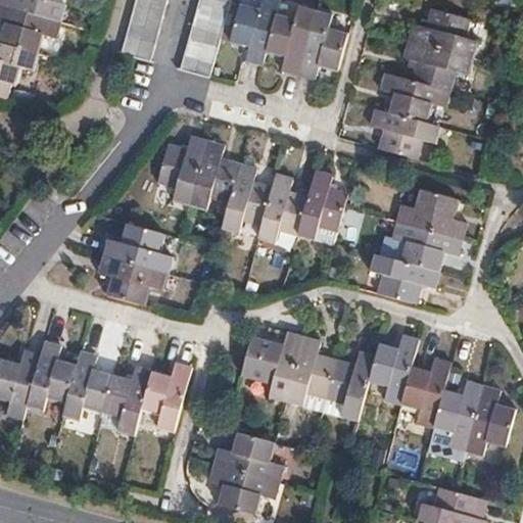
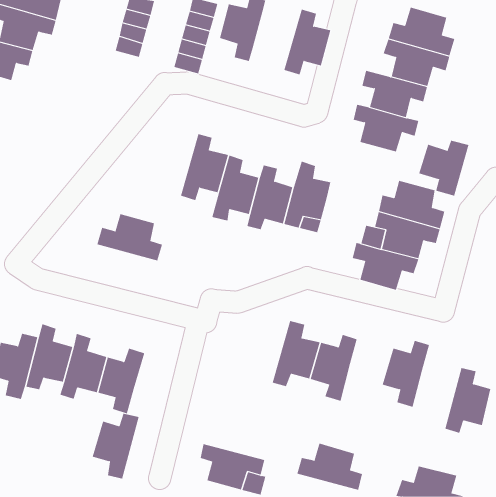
building: [266,5,316,74] -> none
building: [156,136,207,205] -> none
building: none -> [419,140,469,197]
building: [97,256,165,305] -> none
building: [252,331,303,401] -> none
building: [368,334,419,403] -> none
building: [141,362,191,431] -> [92,413,139,479]
building: [433,380,483,449] -> none
building: [212,432,282,482] -> [296,443,363,490]

